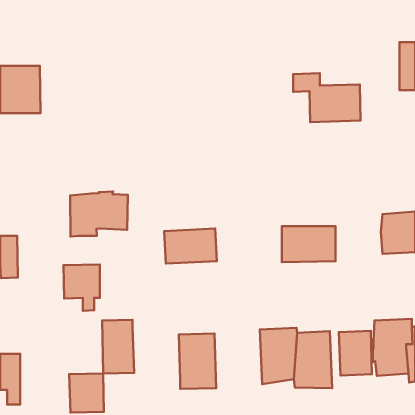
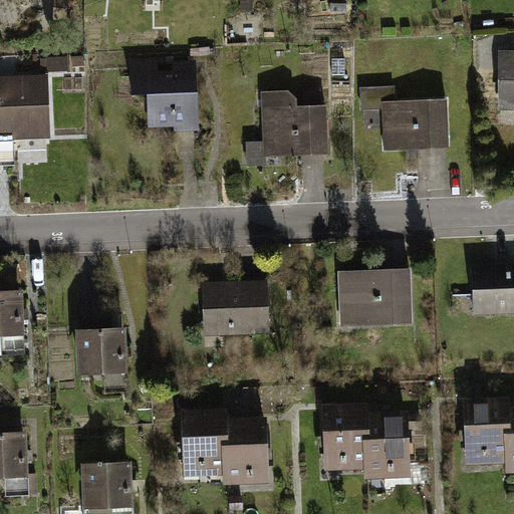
building: none -> [136,67,199,128]
building: none -> [248,99,325,169]
building: [70,191,128,236] -> none
building: [102,320,134,374] -> [184,404,223,470]
building: [339,331,372,376] -> none

